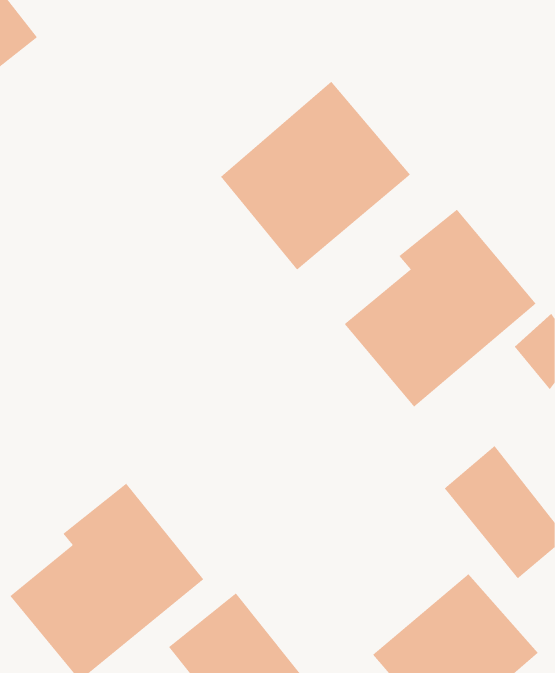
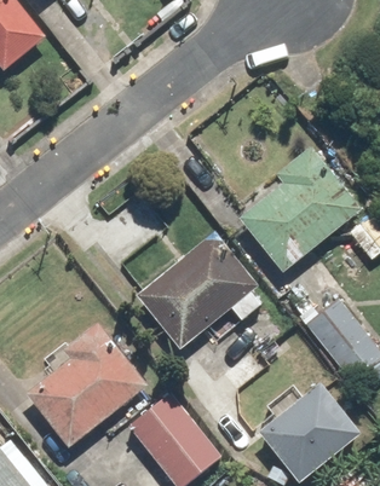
building: [220,81,411,270] -> none
building: none -> [136,227,261,347]

